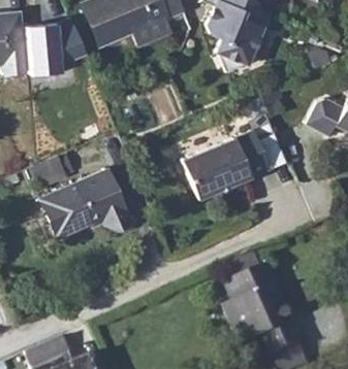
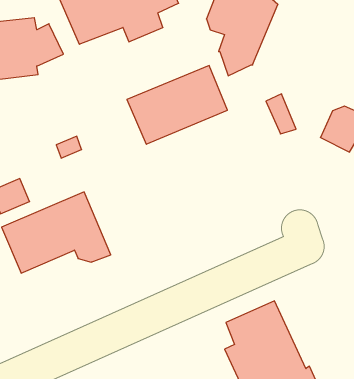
building: [184,131,270,198] -> [127,66,227,144]

